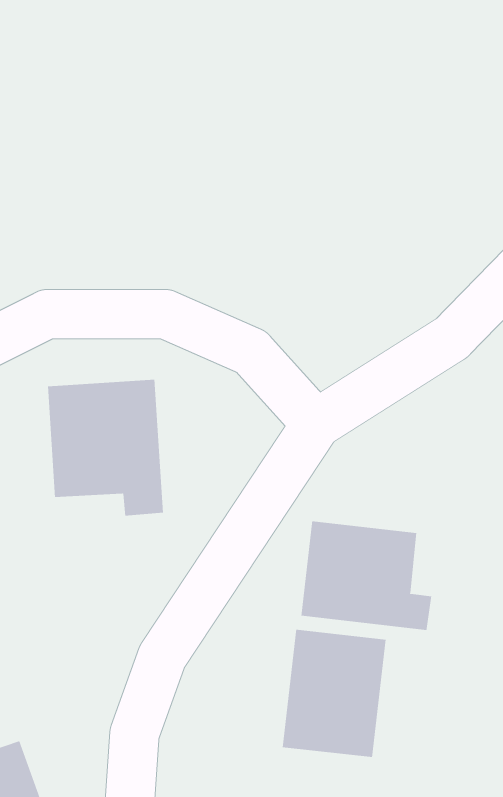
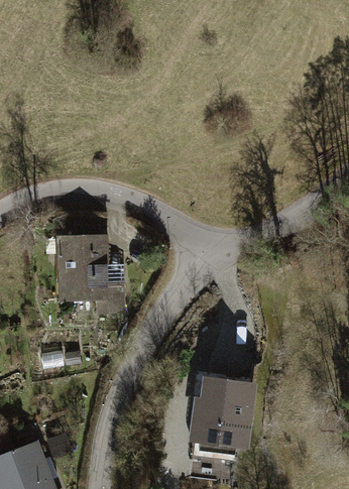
building: [301,520,432,631] -> none

